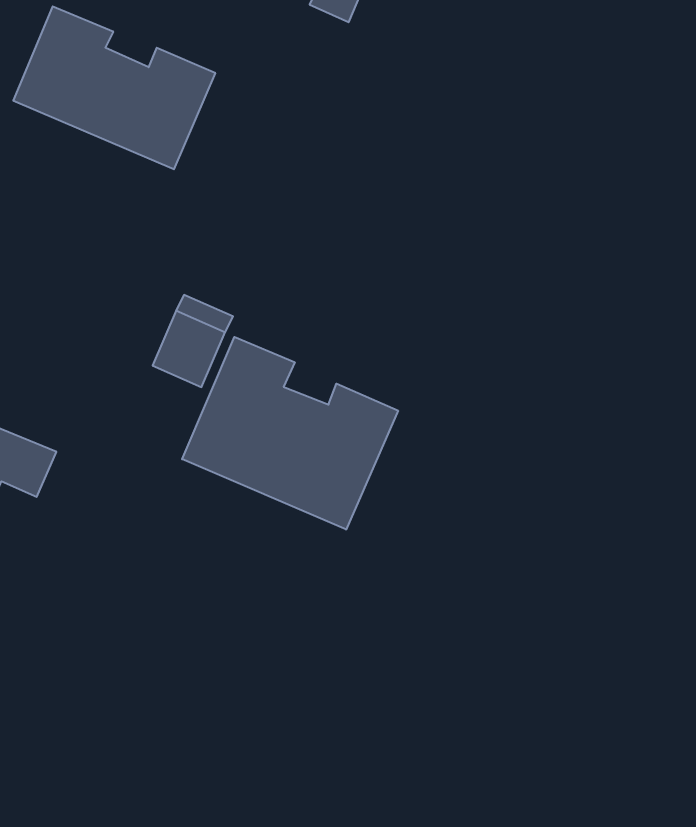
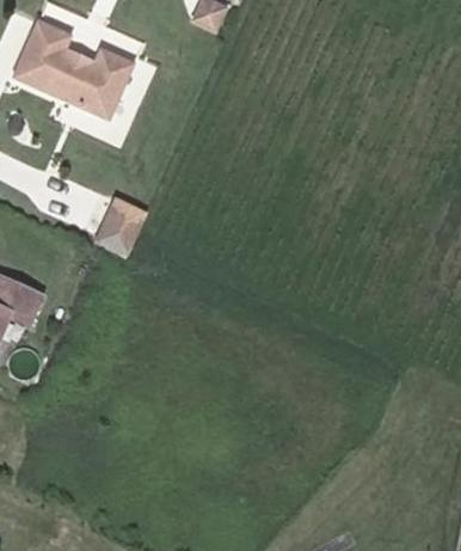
building: [182,337,398,530] -> none

